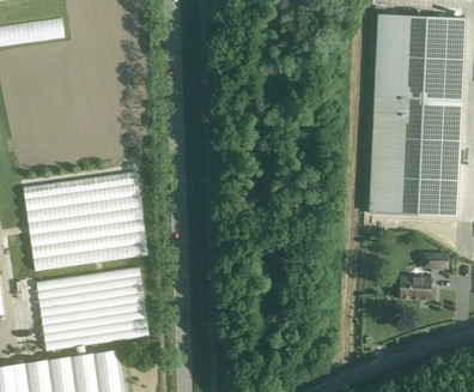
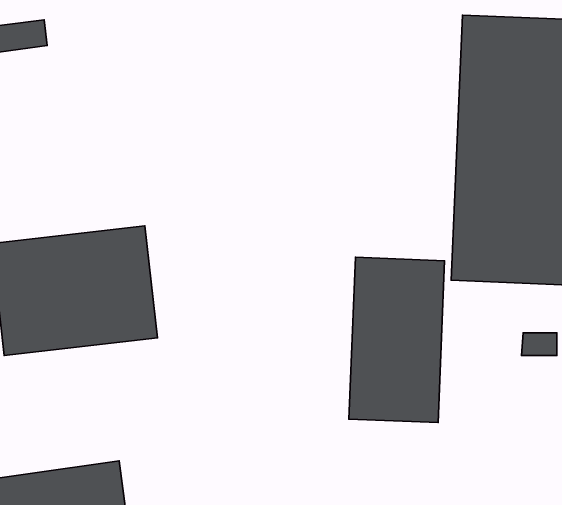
building: none -> [349,257,445,423]
building: [35,267,148,351] -> none
building: [399,277,430,300] -> none

